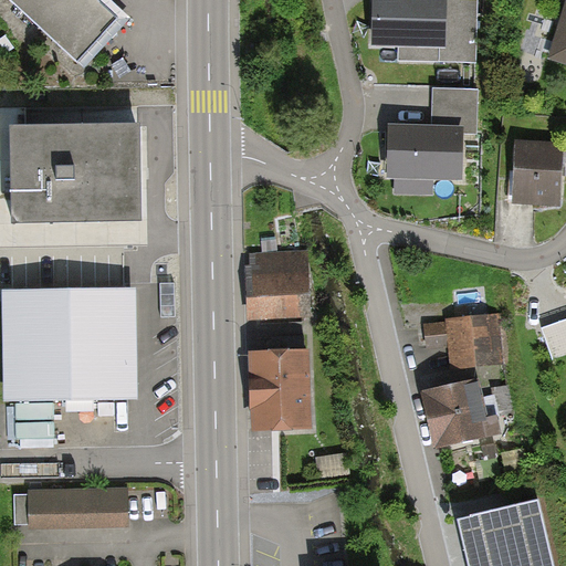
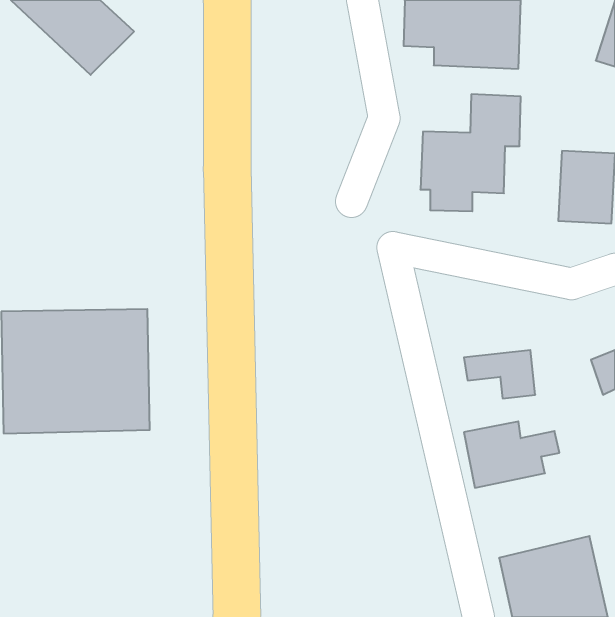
building: [4,118,139,228] -> none
building: [243,250,310,317] -> none
building: [248,345,311,430] -> none
building: [27,485,127,528] -> none

